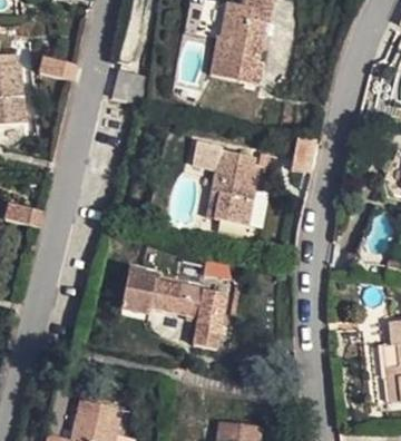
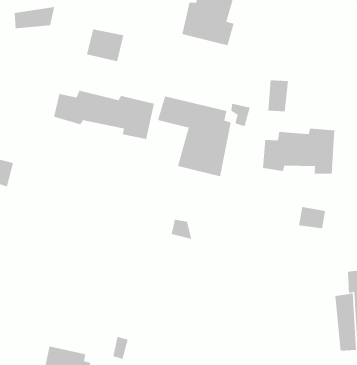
building: none -> [53,90,155,140]
building: none -> [263,128,335,174]
building: [114,271,225,363] -> none

